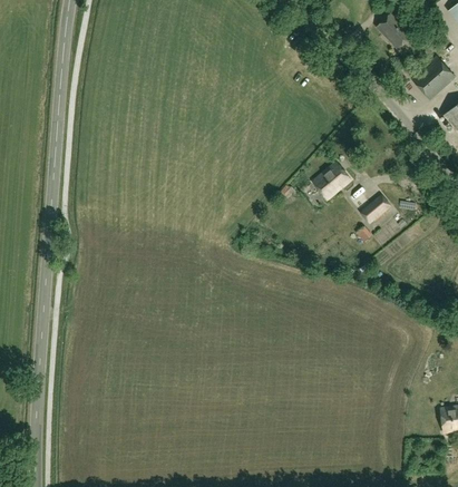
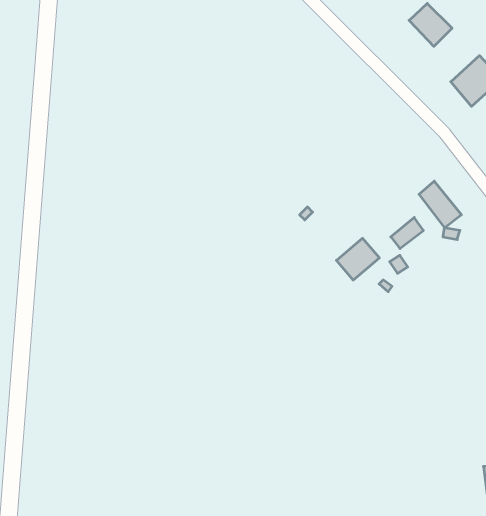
building: [313,163,350,198] -> [336,238,379,280]
building: none -> [419,181,461,228]

